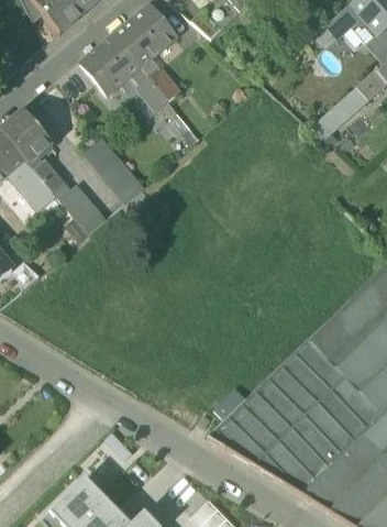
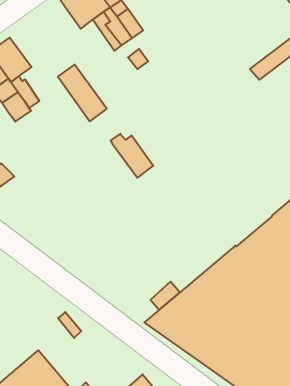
building: [53,183,106,233] -> [111,134,153,178]

